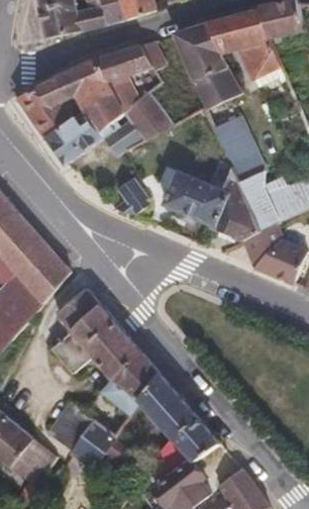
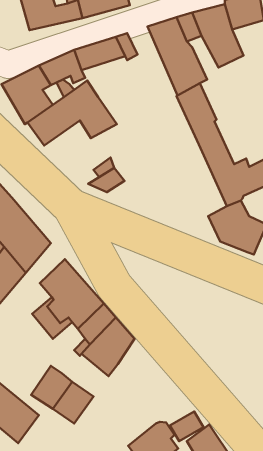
building: [120,91,169,140] -> none
building: [162,163,260,240] -> none
building: [141,374,219,462] -> none

